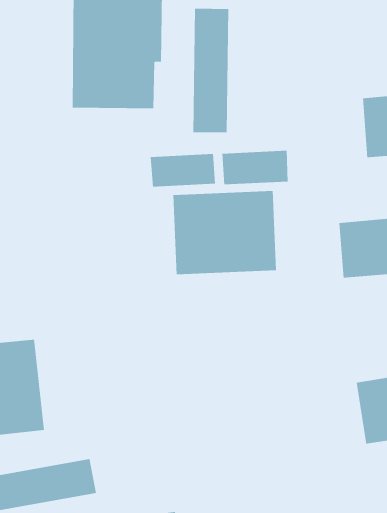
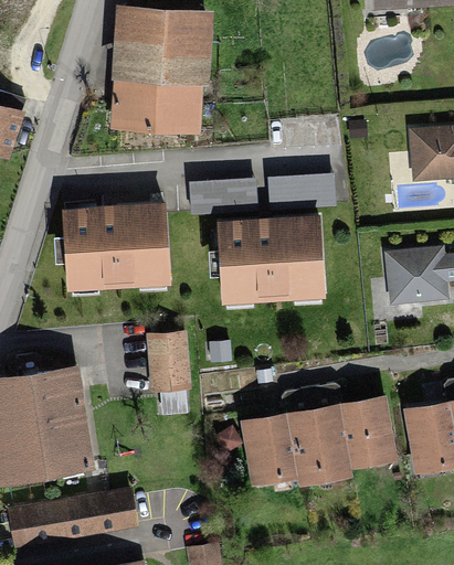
building: [193,8,229,133] -> none
building: none -> [59,202,166,288]
building: none -> [145,328,194,398]
building: none -> [241,390,395,484]

